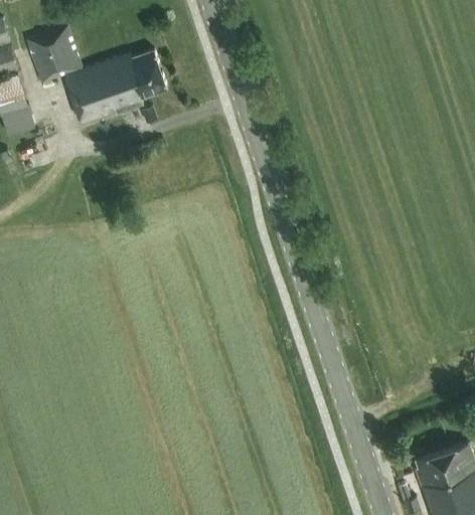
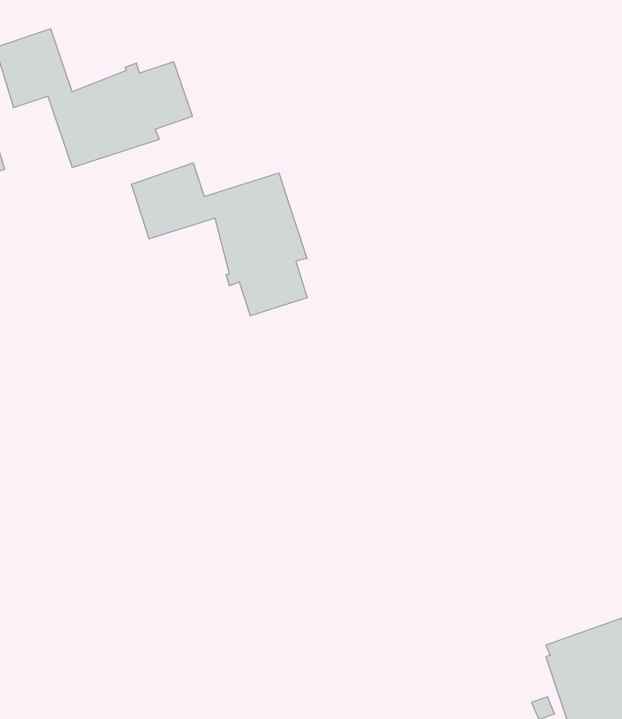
building: none -> [132,163,307,316]

